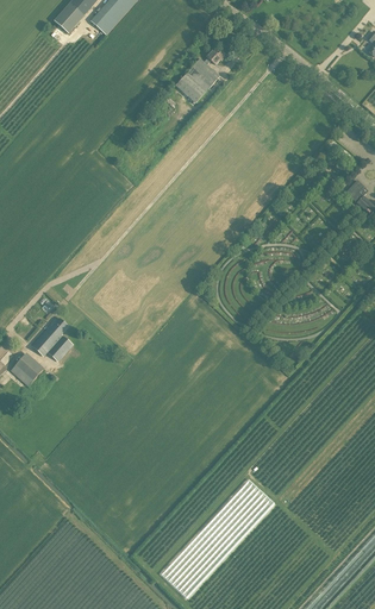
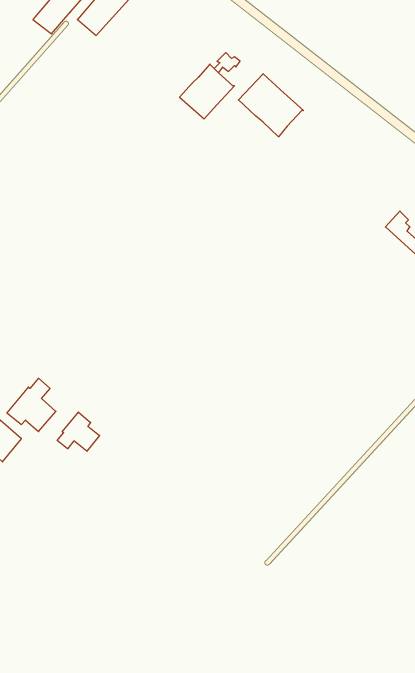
building: none -> [238,74,303,137]
building: none -> [57,412,100,451]

